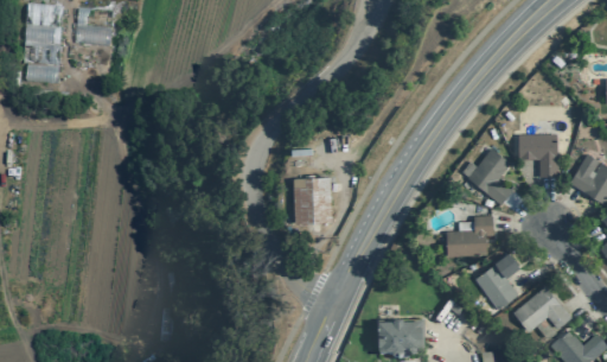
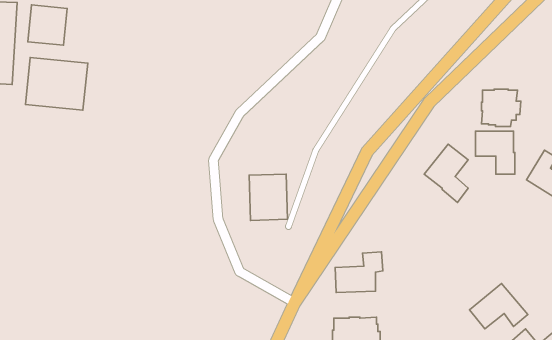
building: none -> [25,58,88,110]
building: none -> [481,89,521,127]
building: [447,215,494,255] -> [335,252,383,292]
building: [475,252,520,309] -> none

